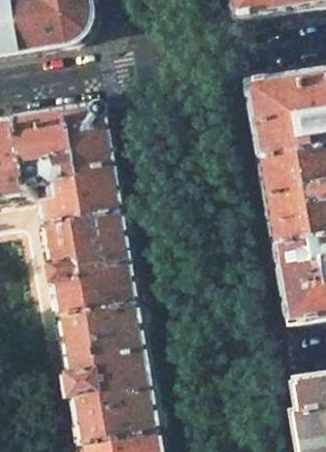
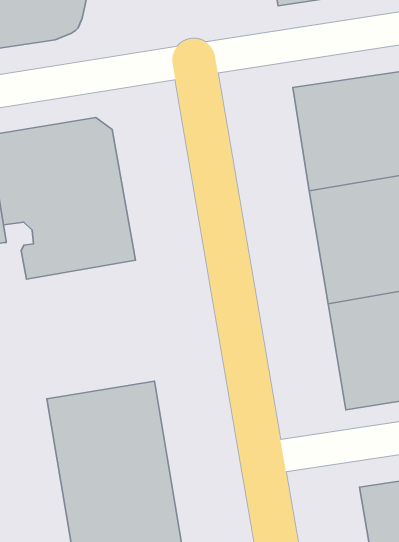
building: [42,211,139,316] -> none

